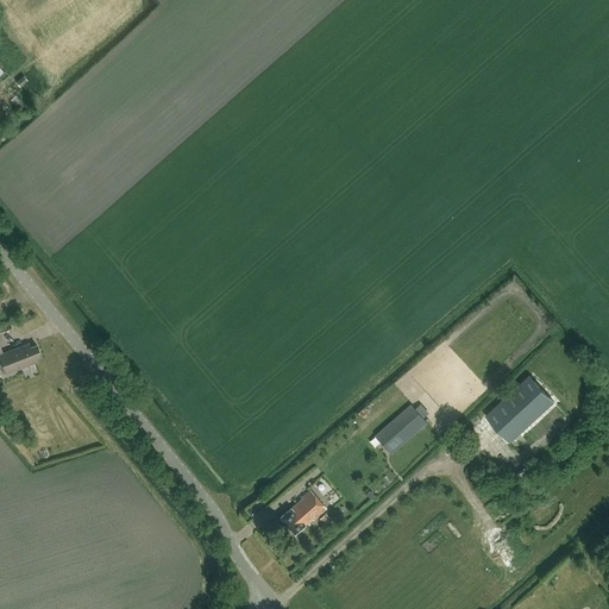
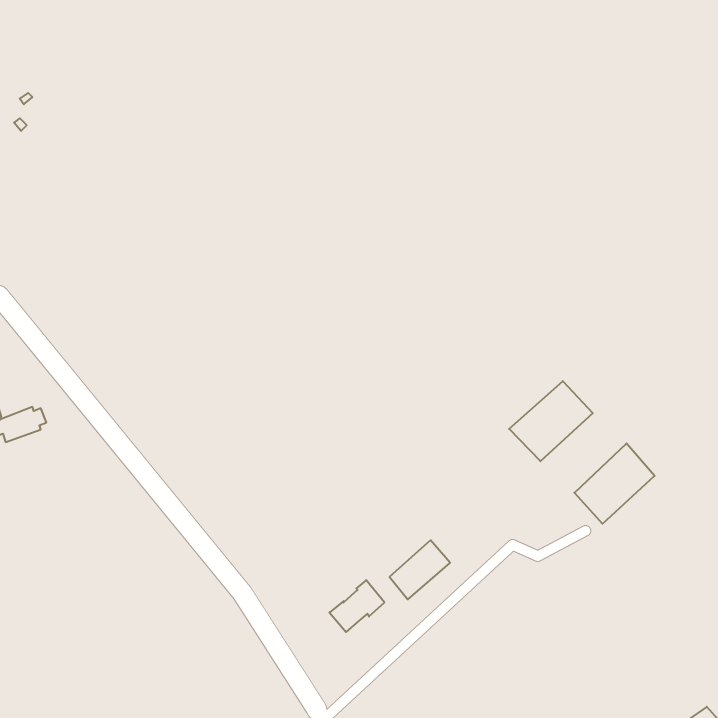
building: none -> [509,381,593,461]
building: [377,406,428,456] -> [390,540,450,599]

